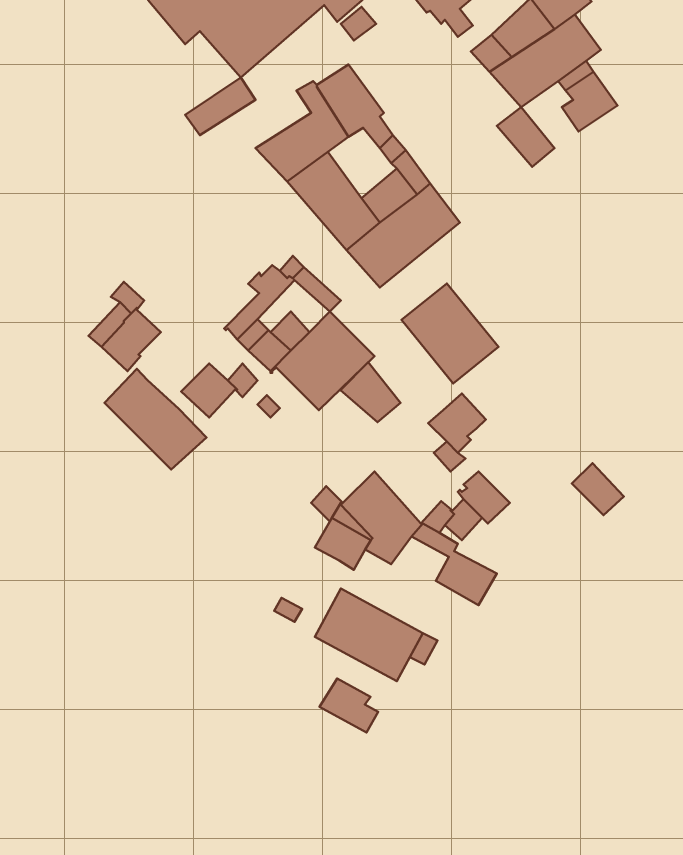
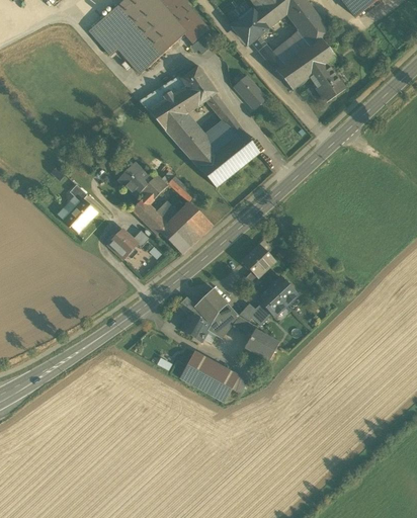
building: [185,78,256,135] -> [140,80,178,111]
building: [497,107,555,167] -> [234,76,265,108]
building: none -> [118,162,157,196]
building: [402,283,498,383] -> none
building: [340,362,401,422] -> none
building: [105,369,207,470] -> none
building: [572,463,624,515] -> [269,276,298,305]
building: [320,678,378,732] -> none

